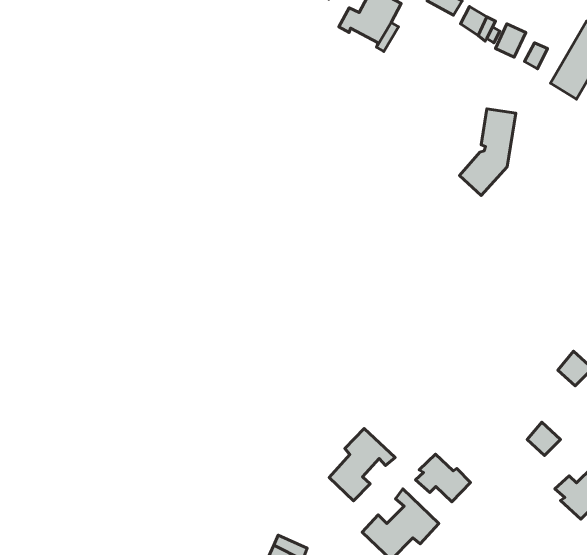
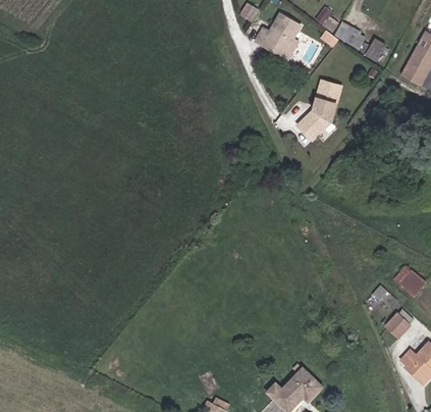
building: [459,109,516,196] -> [305,73,344,135]
building: [329,429,395,501] -> none
building: [415,454,470,502] -> none

